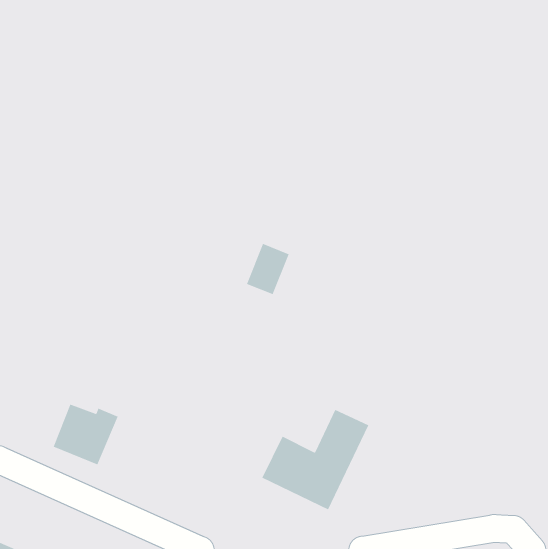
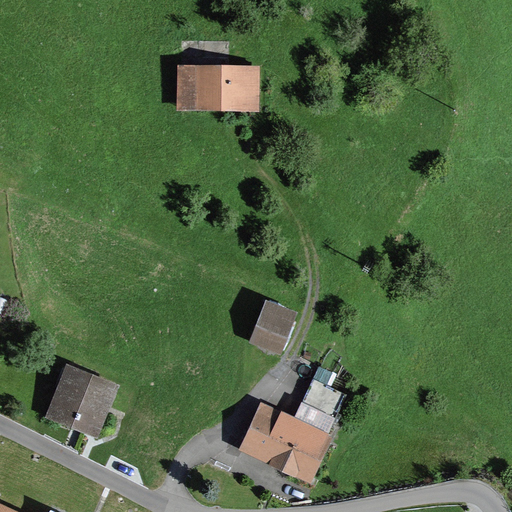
building: none -> [179,74,249,108]
building: [246,243,289,295] -> [251,304,291,352]

